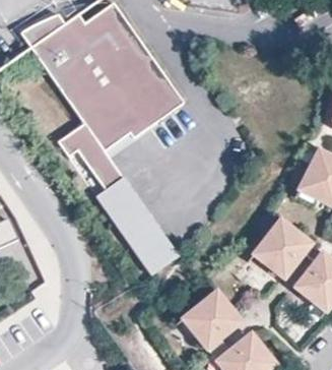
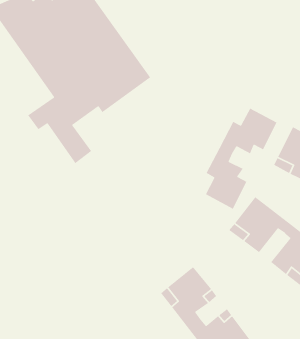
building: none -> [205,108,278,210]
building: [90,174,172,270] -> none

